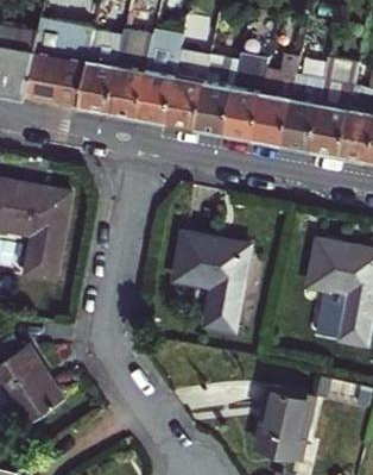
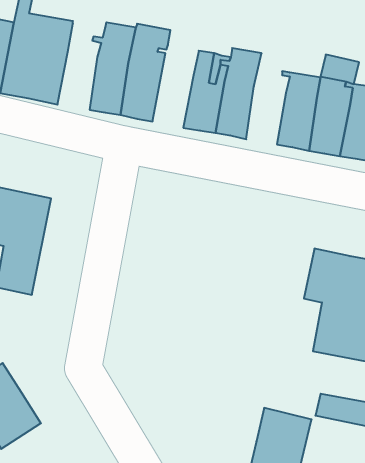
building: [78,32,122,112] -> none
building: [166,52,209,129] -> none
building: [253,52,299,144] -> none
building: [173,235,248,331] -> none

